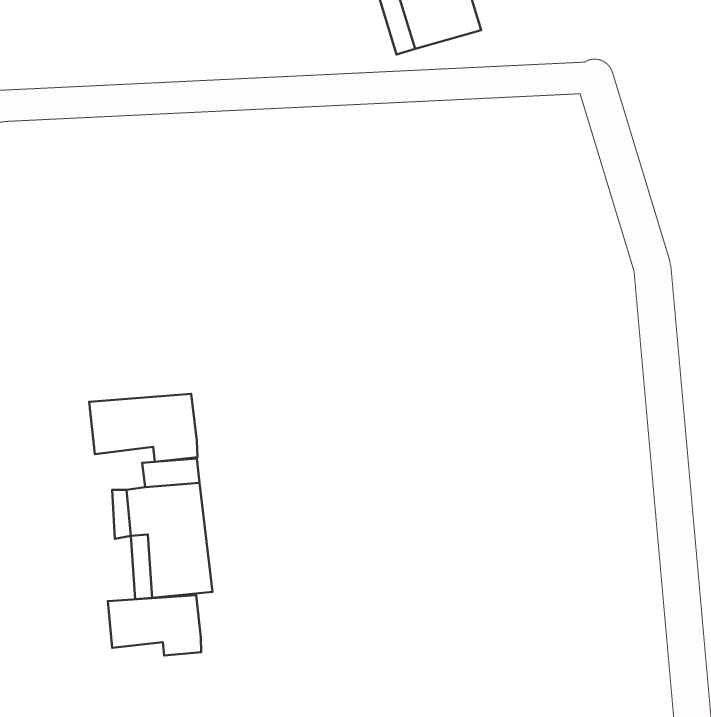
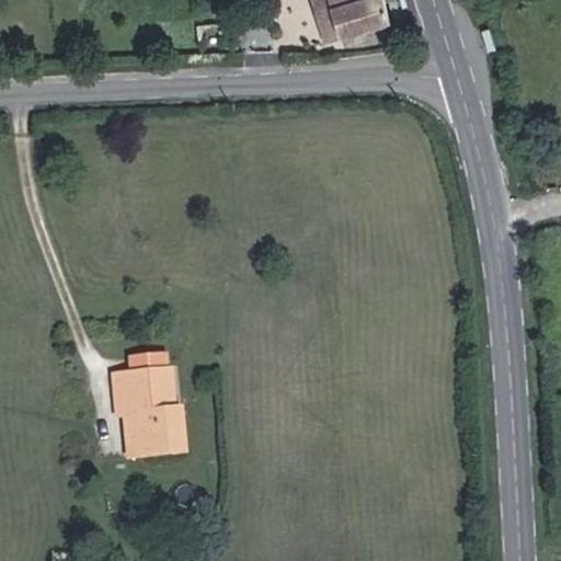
building: [89,394,198,462] -> none
building: [108,595,201,655] -> none

